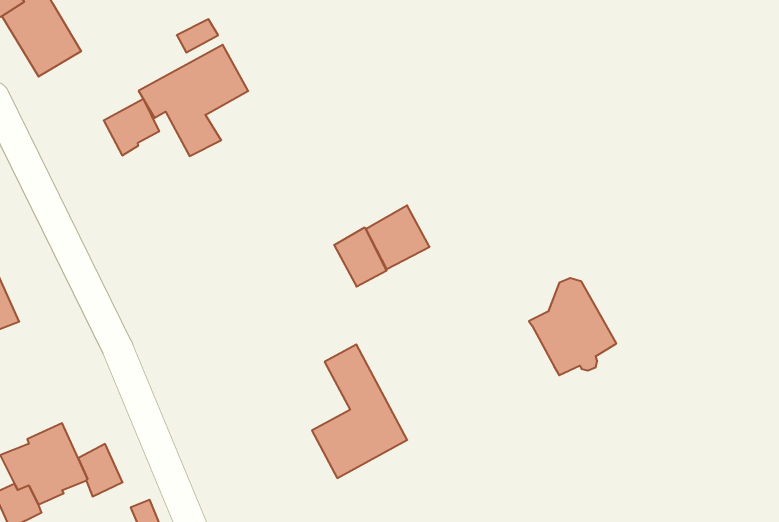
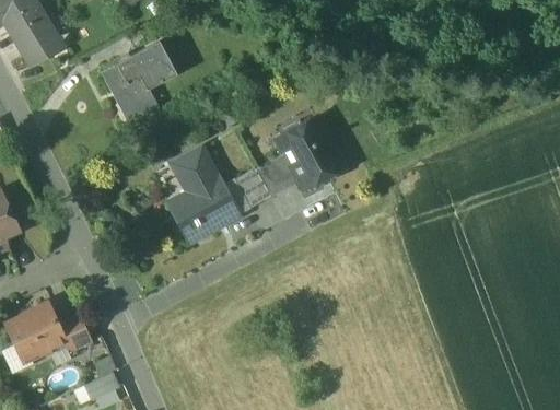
building: [104,99,159,156] -> none
building: [529,278,616,375] -> [282,119,342,186]
building: [312,344,407,478] -> [171,149,236,241]

